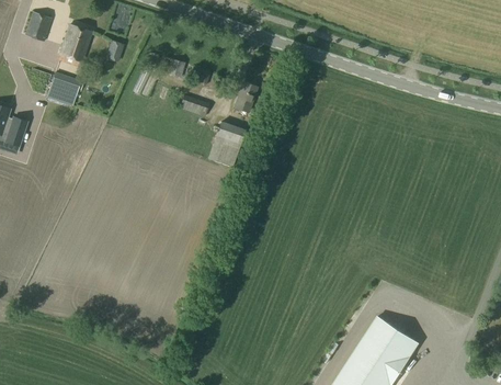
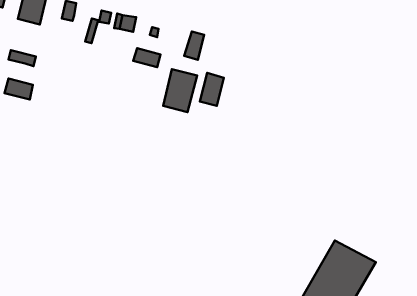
building: [49,72,80,97] -> [5,78,33,100]
building: none -> [200,73,224,106]

